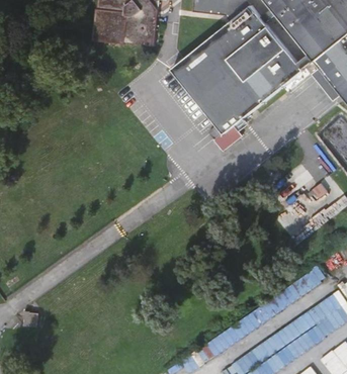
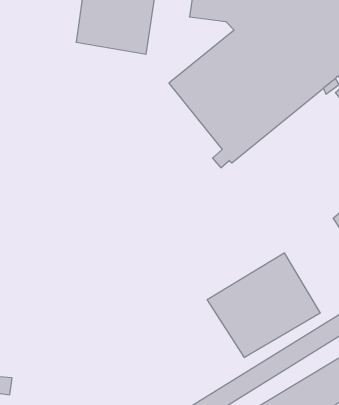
building: none -> [207,253,320,358]

